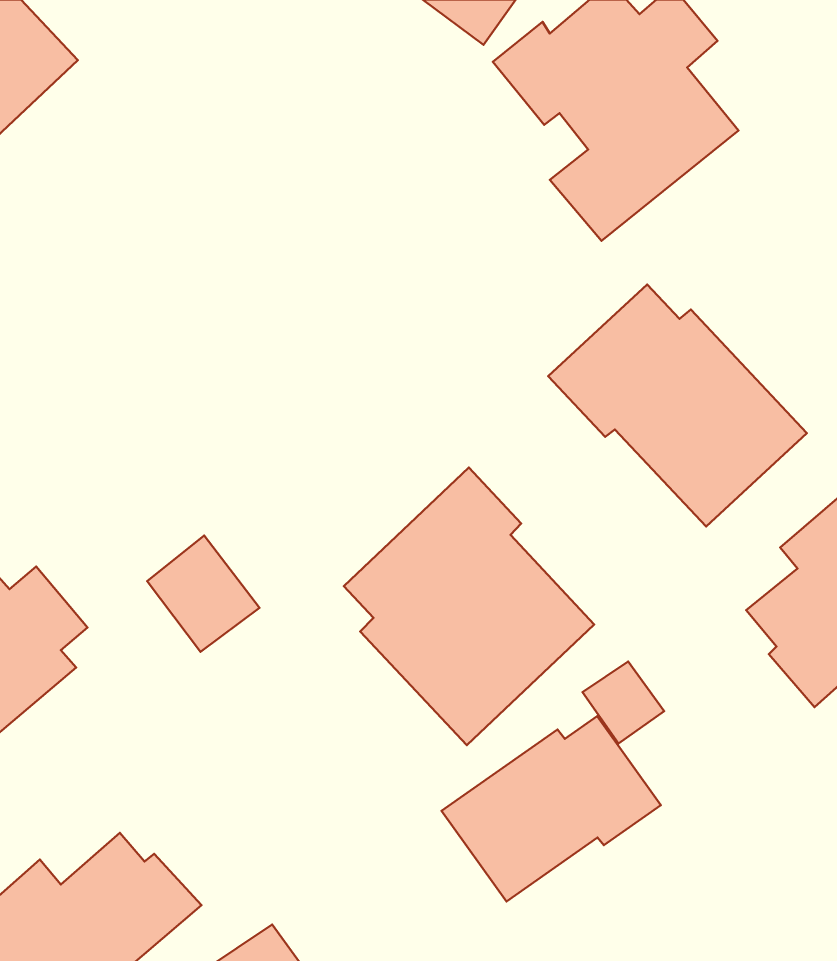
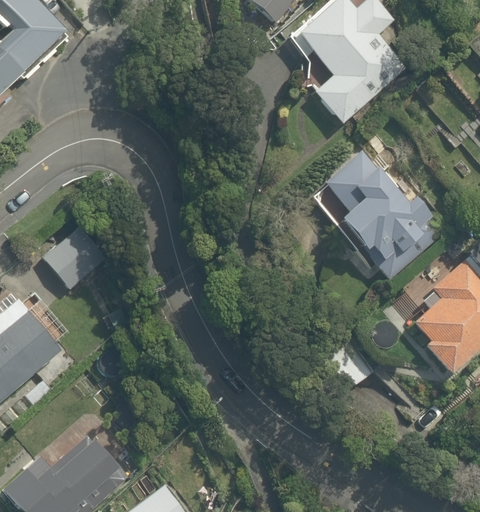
building: [344,468,594,745] -> none
building: [147,536,260,652] -> [39,227,98,288]
building: [442,716,661,902] -> none

